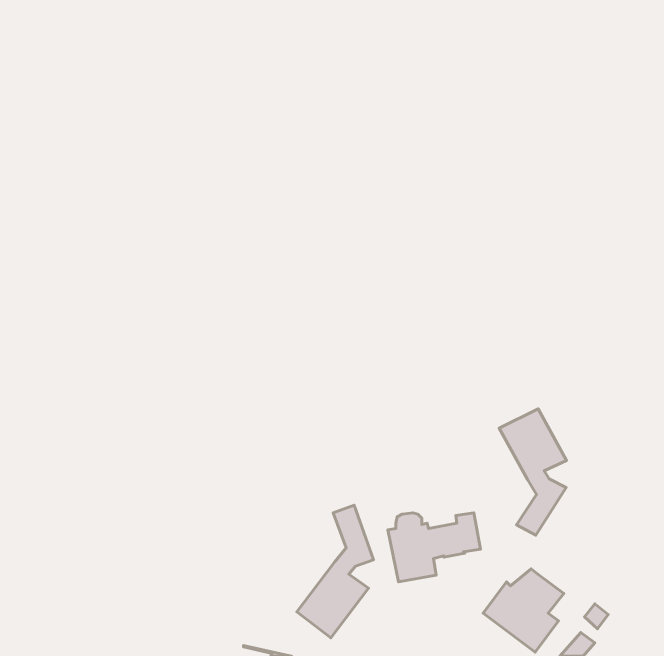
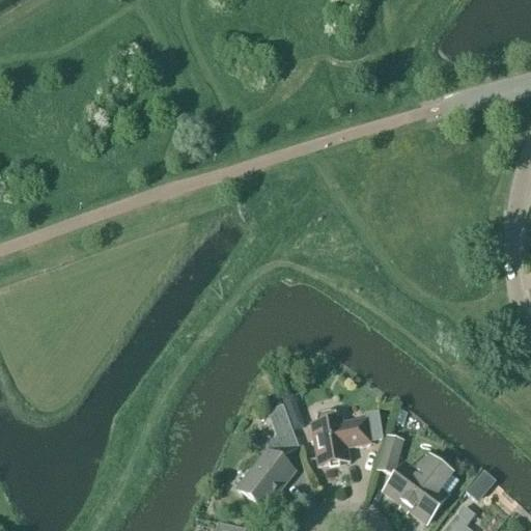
building: [499,409,566,535] -> none
building: none -> [378,431,403,472]

